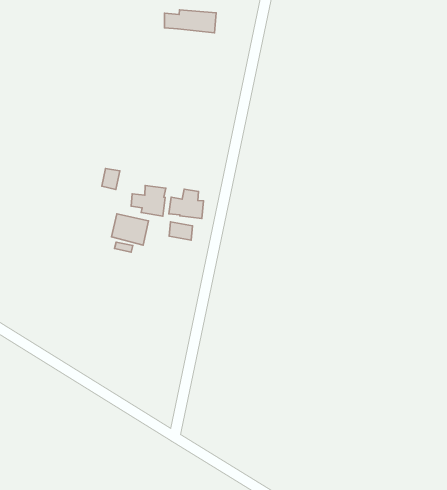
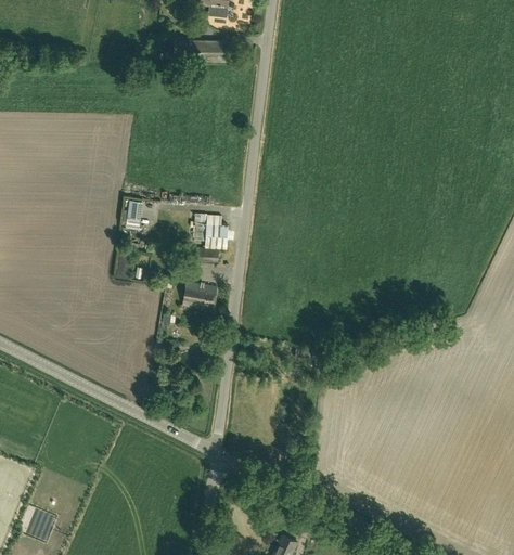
building: [131,186,166,216] -> none
building: [112,214,149,245] -> [183,282,218,310]

